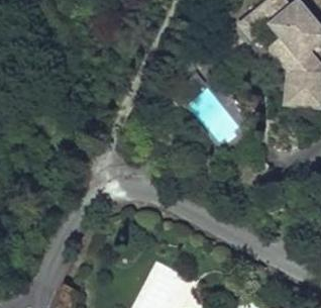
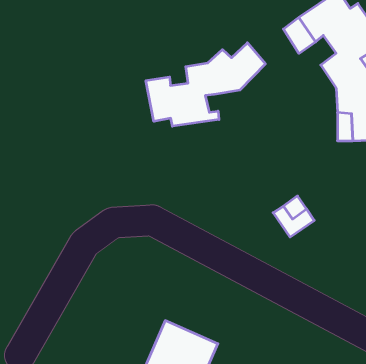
building: none -> [146,43,265,126]

